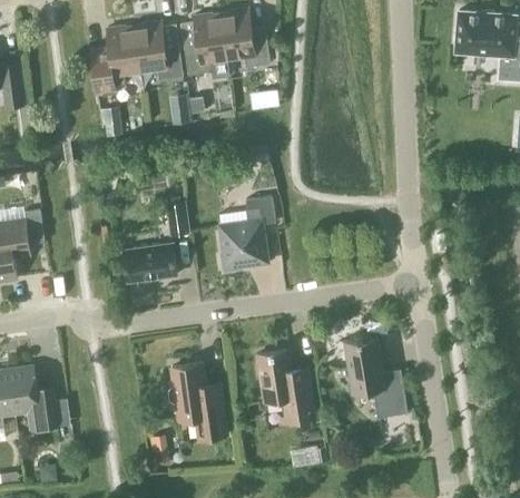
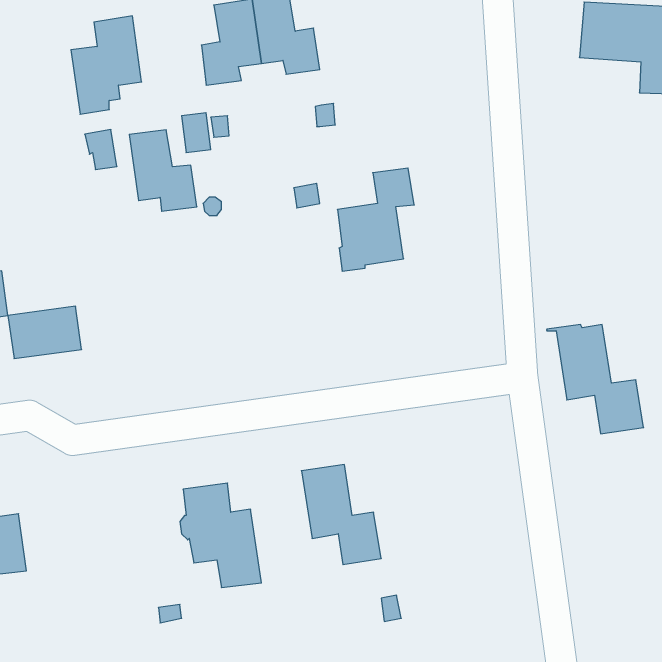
building: [134,20,183,79] -> [129,130,197,211]
building: [219,195,275,270] -> [337,168,414,271]
building: [166,199,190,235] -> none
building: [122,243,176,281] -> [8,306,82,359]
building: [337,338,408,417] -> [547,325,644,434]

